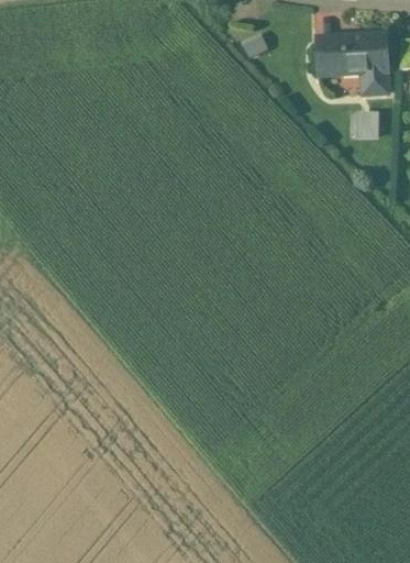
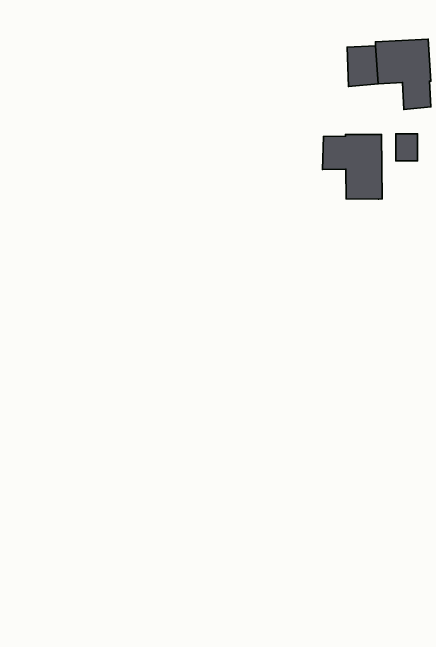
building: none -> [323,134,382,199]

